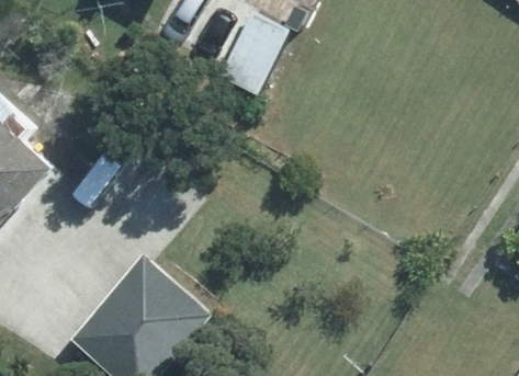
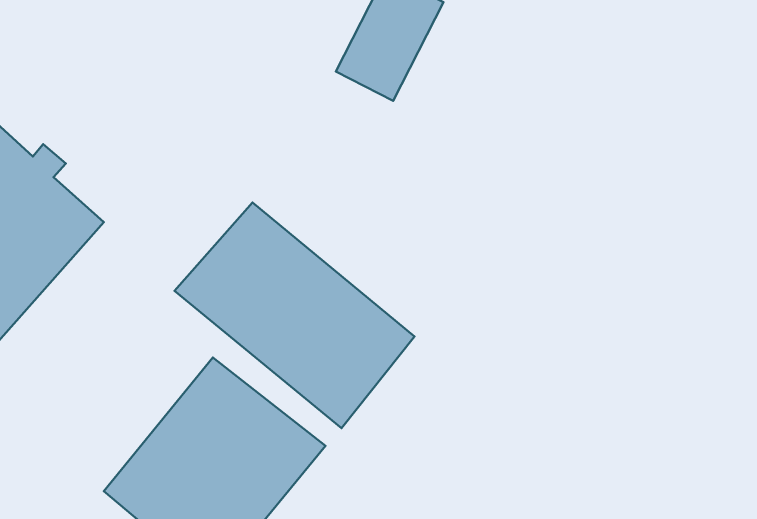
building: none -> [175,203,414,428]

